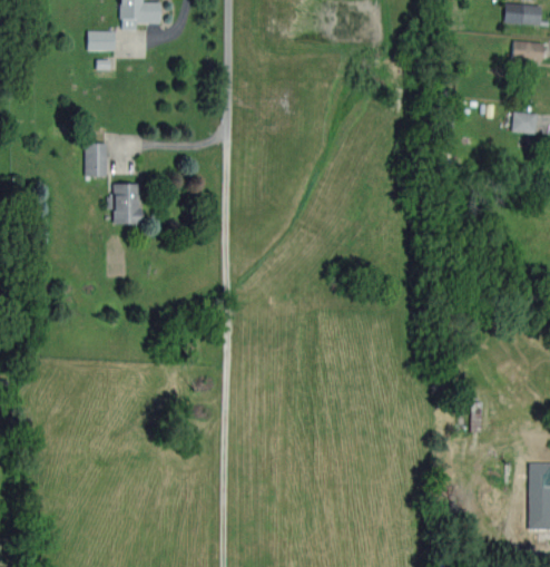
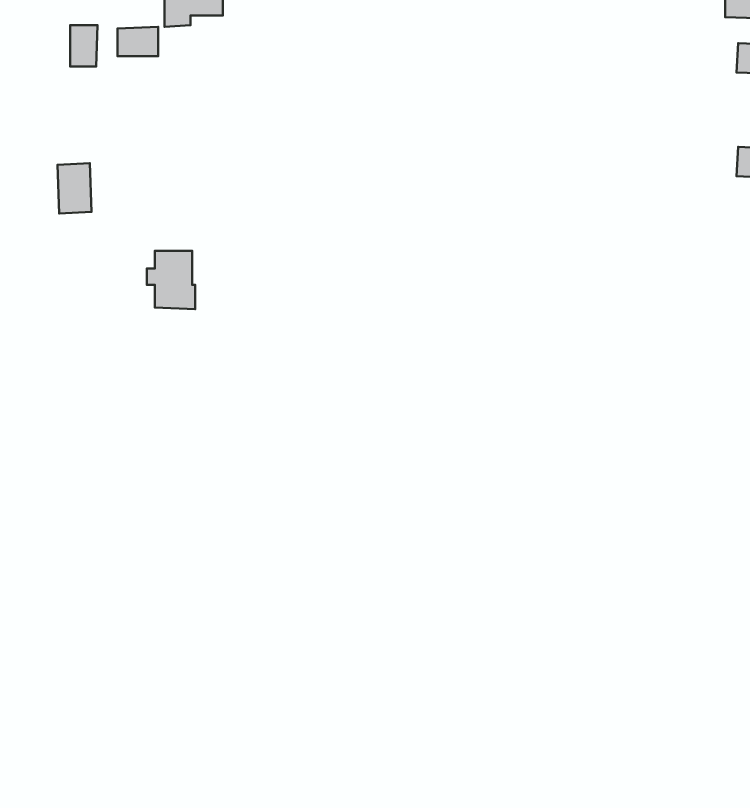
building: none -> [70,25,98,66]
building: [86,143,109,177] -> [57,163,91,214]

